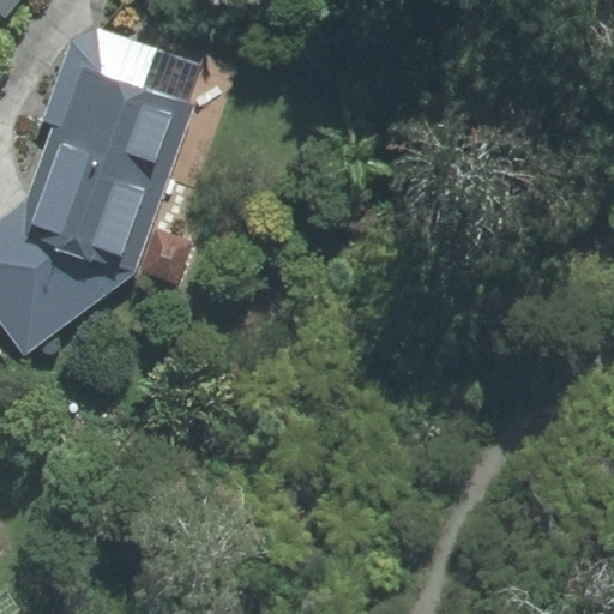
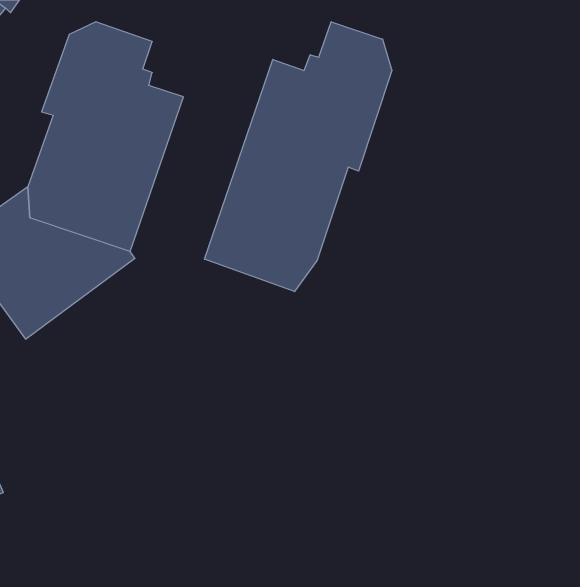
building: none -> [204,22,392,292]

